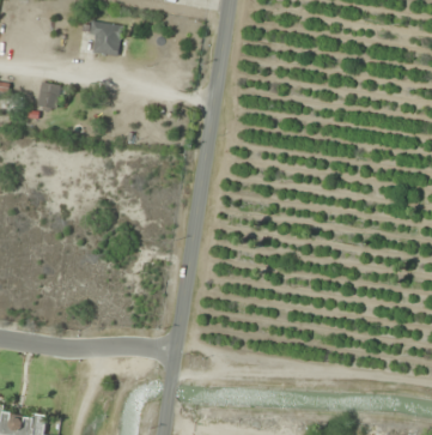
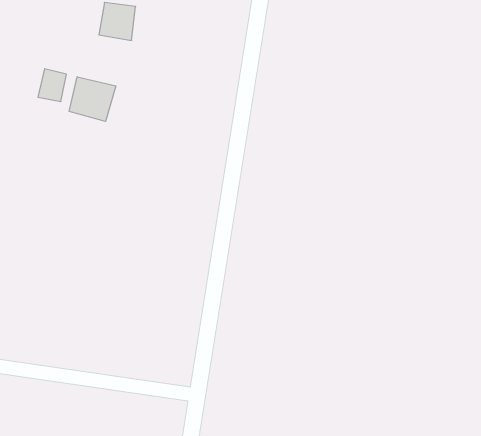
building: none -> [69,77,116,121]

